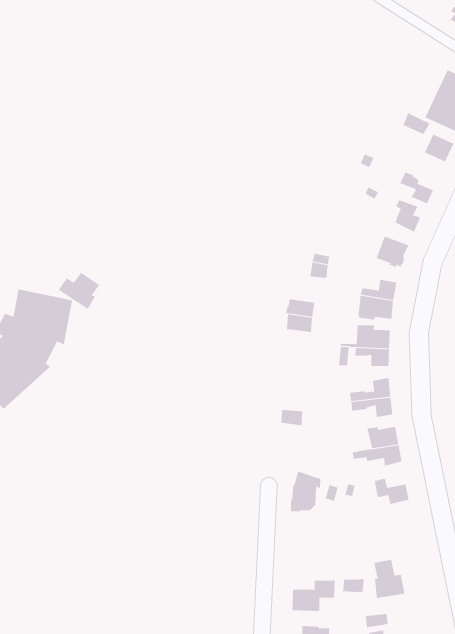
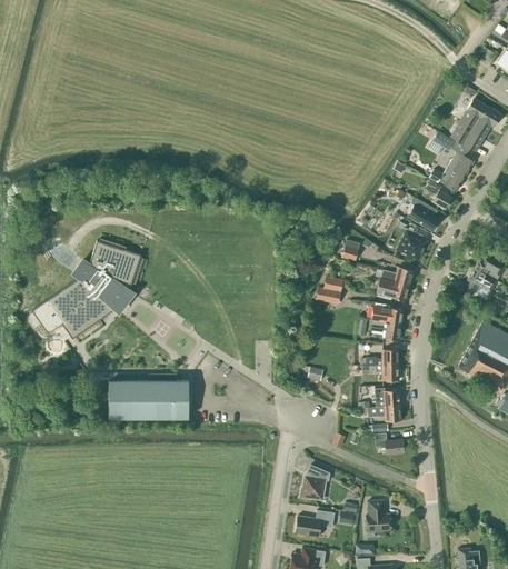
building: none -> [428,166,464,191]
building: [58,272,100,310] -> none
building: none -> [108,375,188,418]
building: [290,471,321,512] -> [300,465,329,499]

